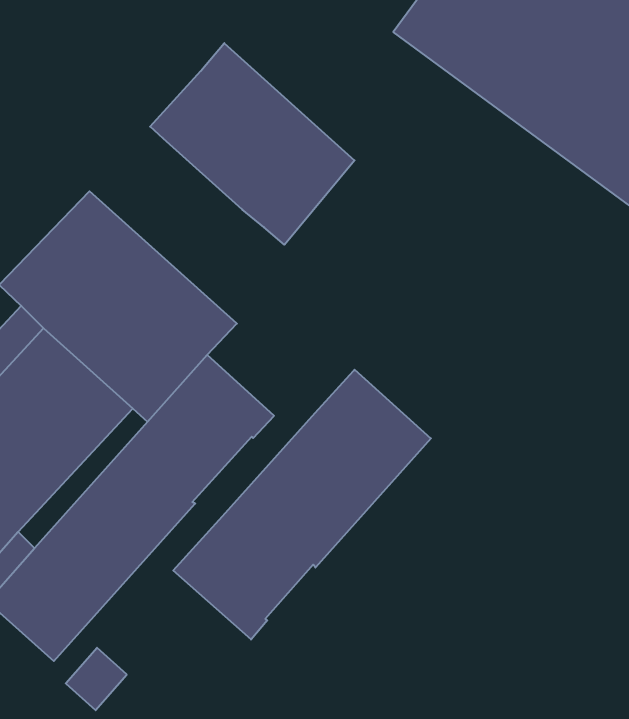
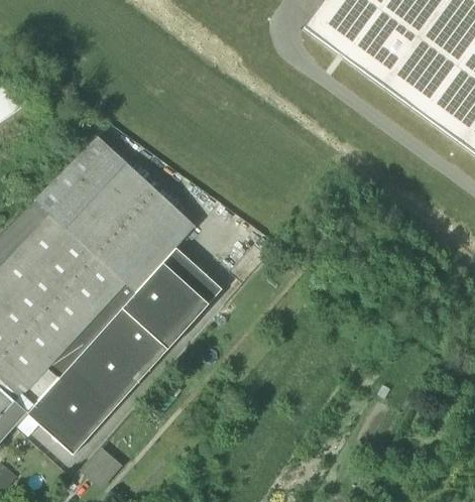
building: [150,43,355,245] -> none
building: [173,370,431,640] -> none

